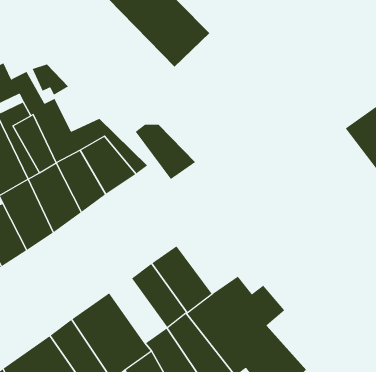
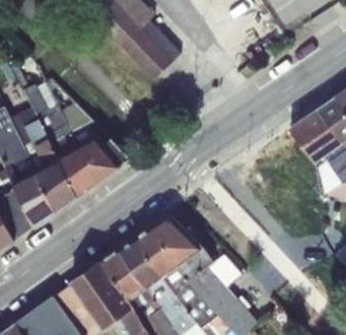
building: [135,124,196,180] -> [155,216,204,261]
building: none -> [101,249,147,300]

